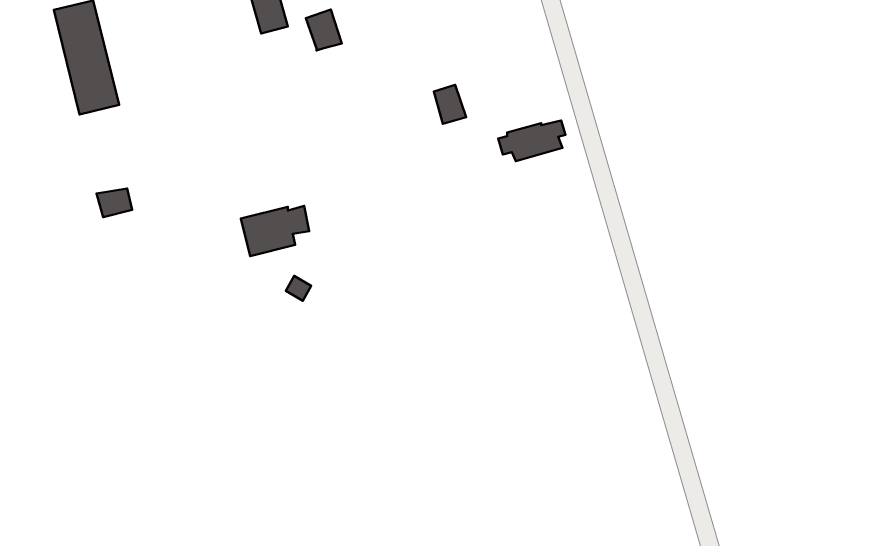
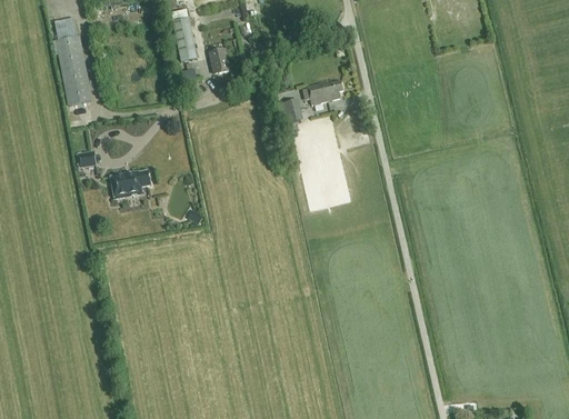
building: [498,120,565,161] -> [301,81,342,104]
building: [241,206,309,256] -> [109,170,150,199]

